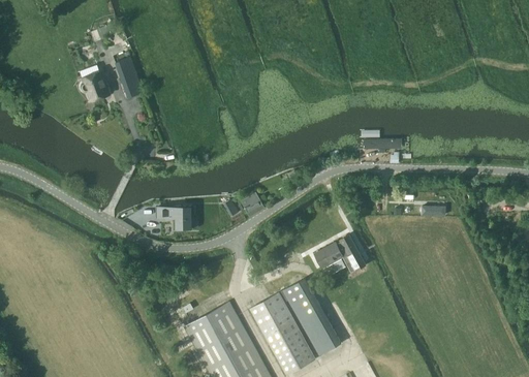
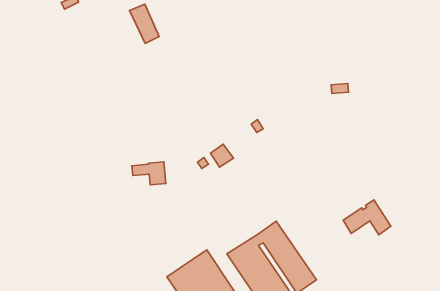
building: [115,57,144,98] -> [130,4,159,44]
building: [82,70,110,101] -> none
building: [315,234,365,272] -> [343,200,391,235]

